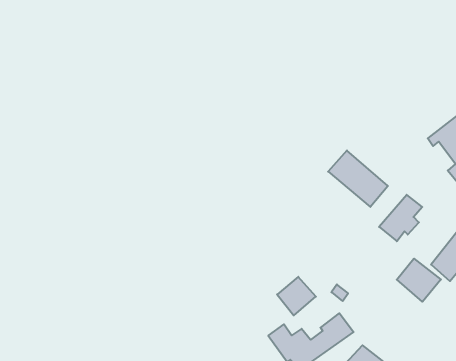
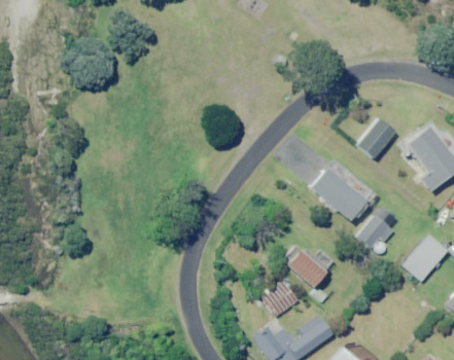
building: none -> [360,122,397,161]
building: none -> [286,246,333,282]
building: [397,259,441,302] -> none

